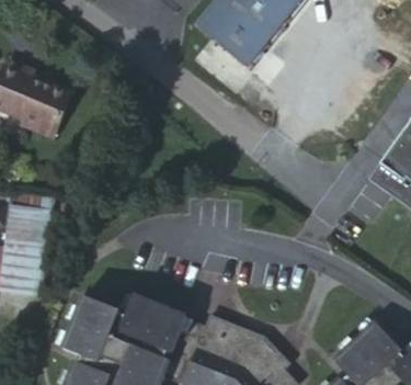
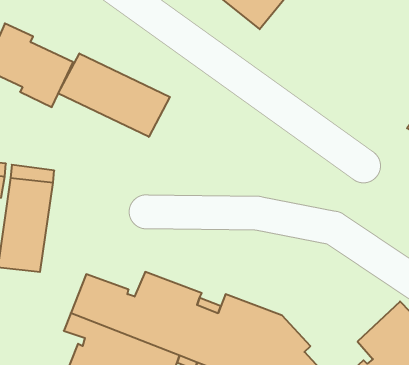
building: none -> [58,53,170,137]

